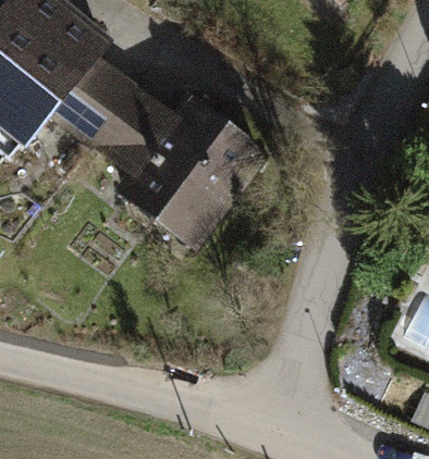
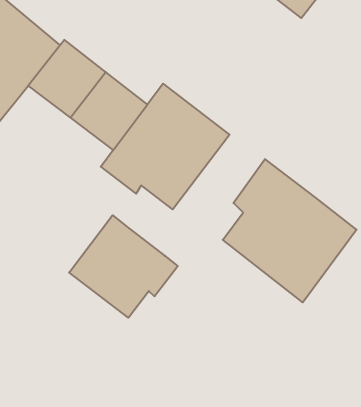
building: none -> [223,159,357,302]
building: none -> [69,215,178,318]

